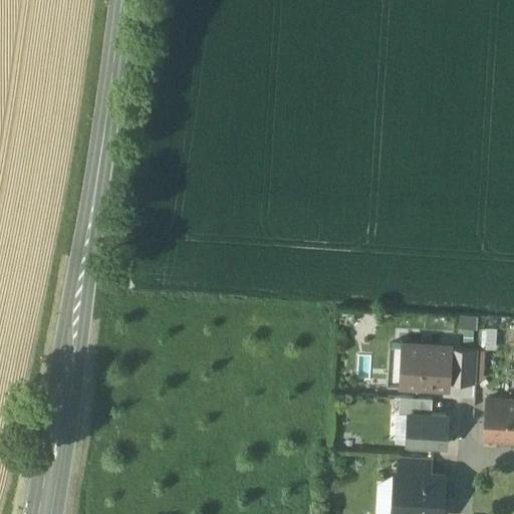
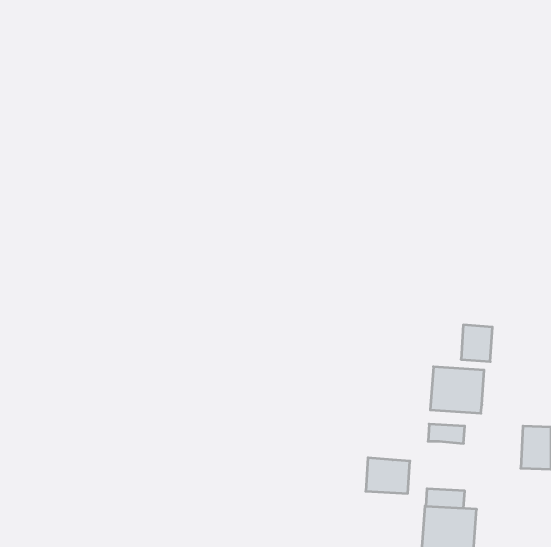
building: [449,348,478,382] -> [461,325,492,362]
building: [407,415,448,448] -> [366,458,410,493]

